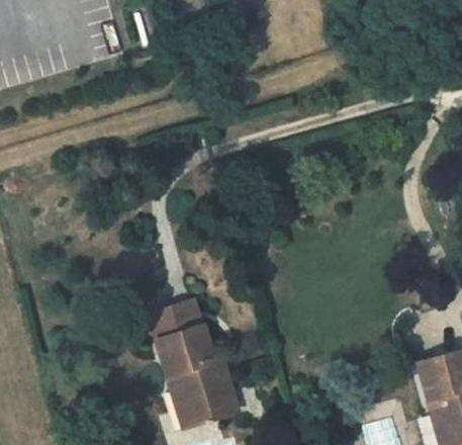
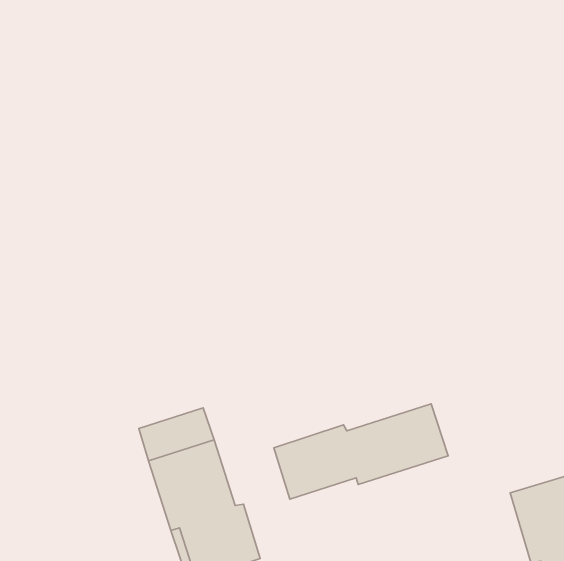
building: none -> [274,404,448,499]

